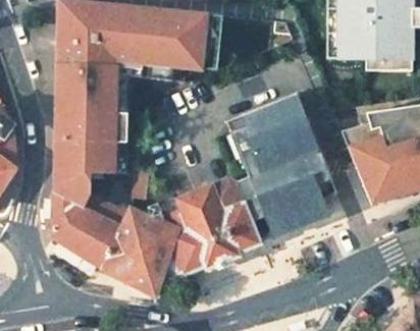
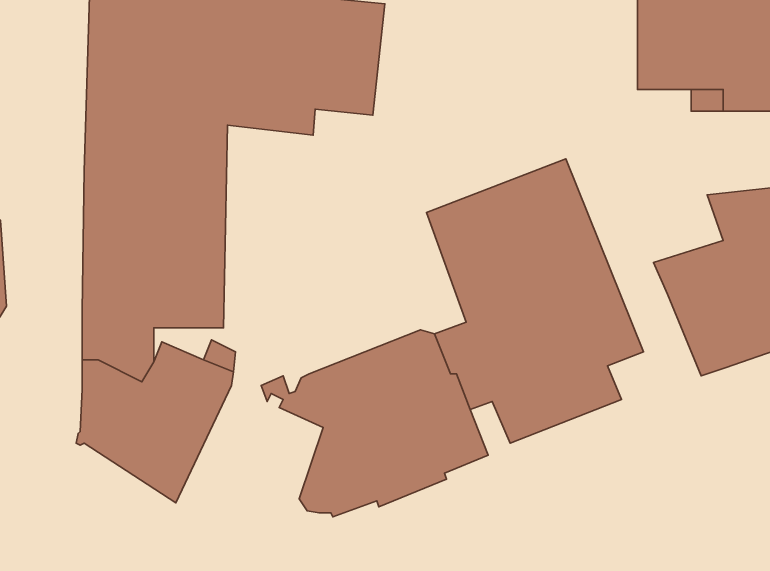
building: [101,209,176,295] -> none

